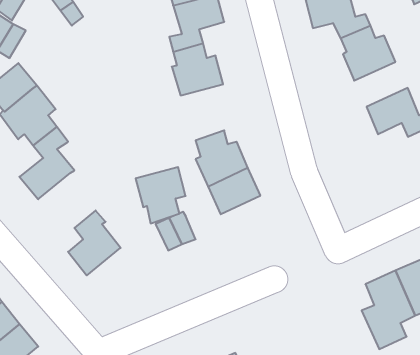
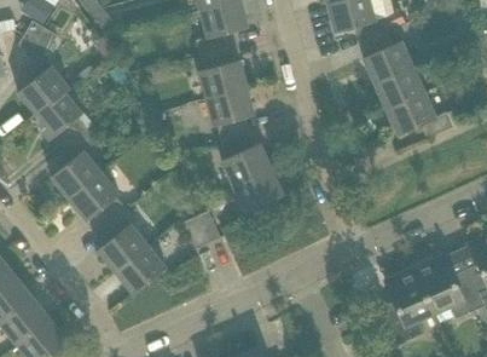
building: none -> [375,67,427,110]
building: [136,167,186,223] -> [207,88,255,143]
building: none -> [69,174,124,228]
building: none -> [116,247,167,295]

